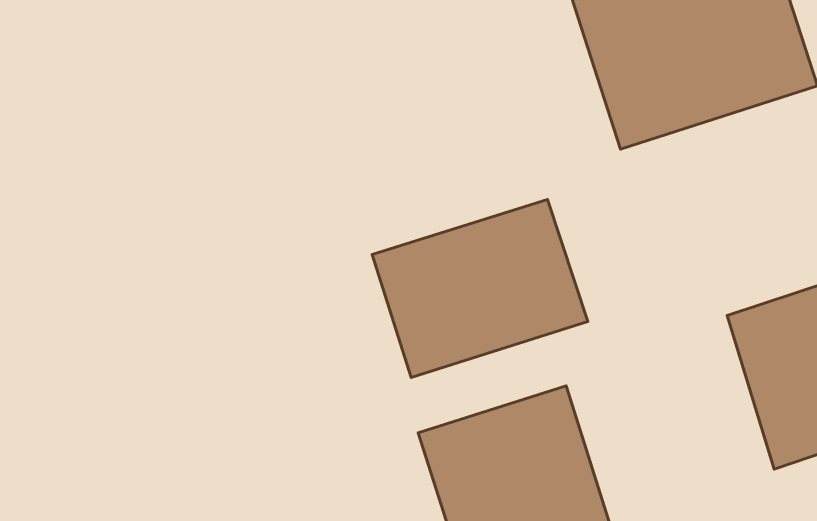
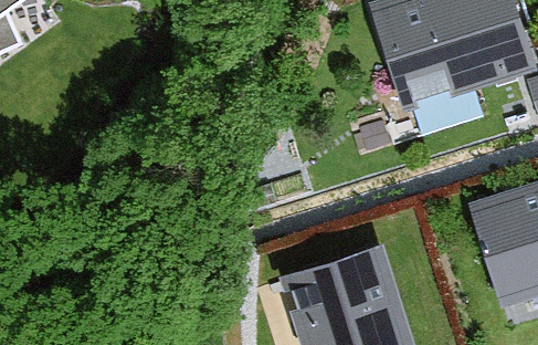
building: [372,199,588,378] -> none

